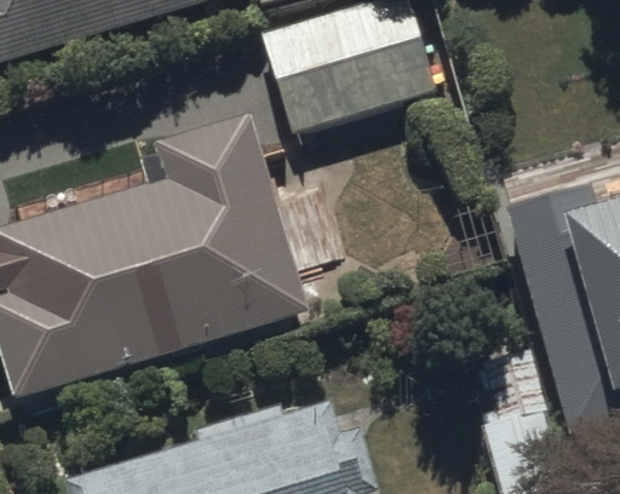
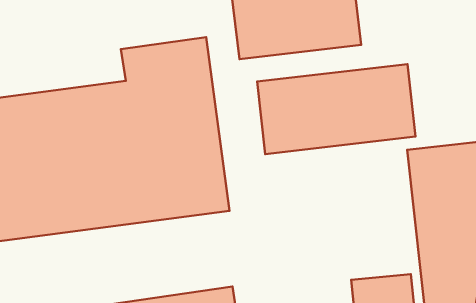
building: none -> [257,64,415,154]

